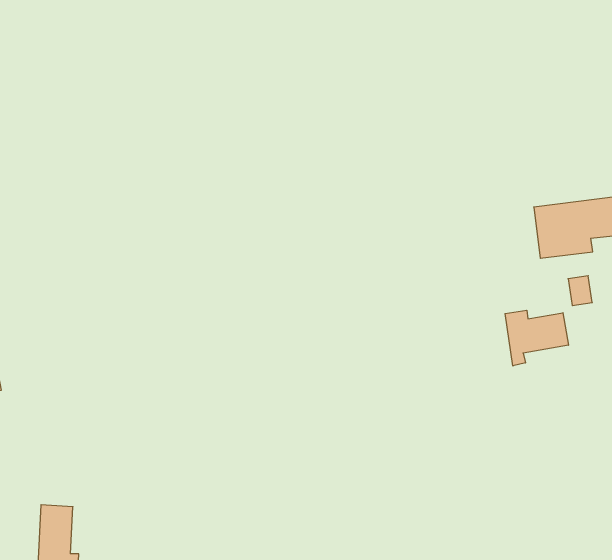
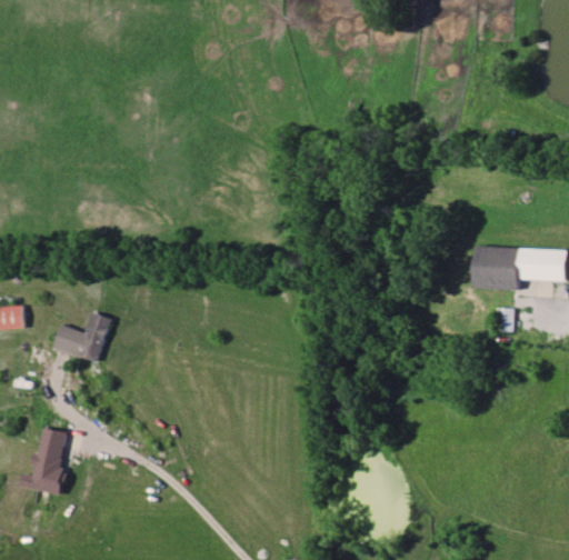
building: [505,310,568,366] -> none
building: none -> [52,312,110,362]

